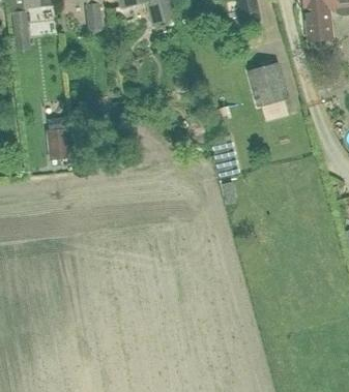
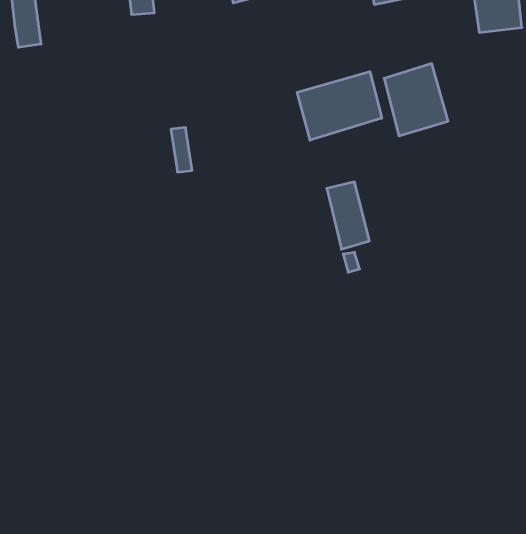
building: none -> [297,72,382,140]
building: [46,127,72,160] -> none

